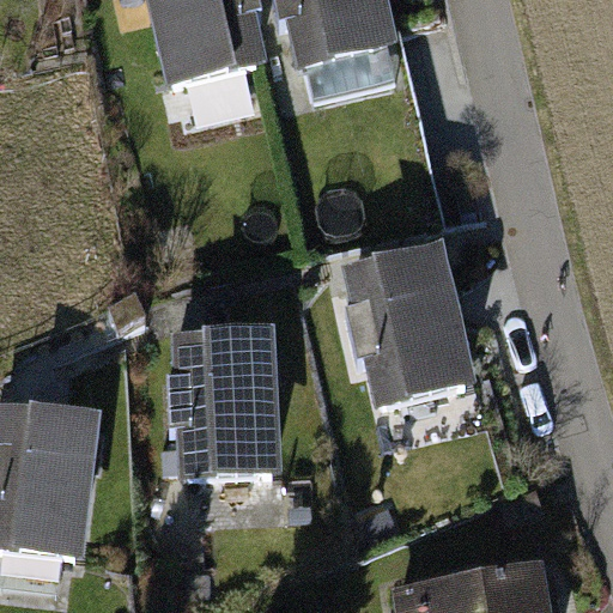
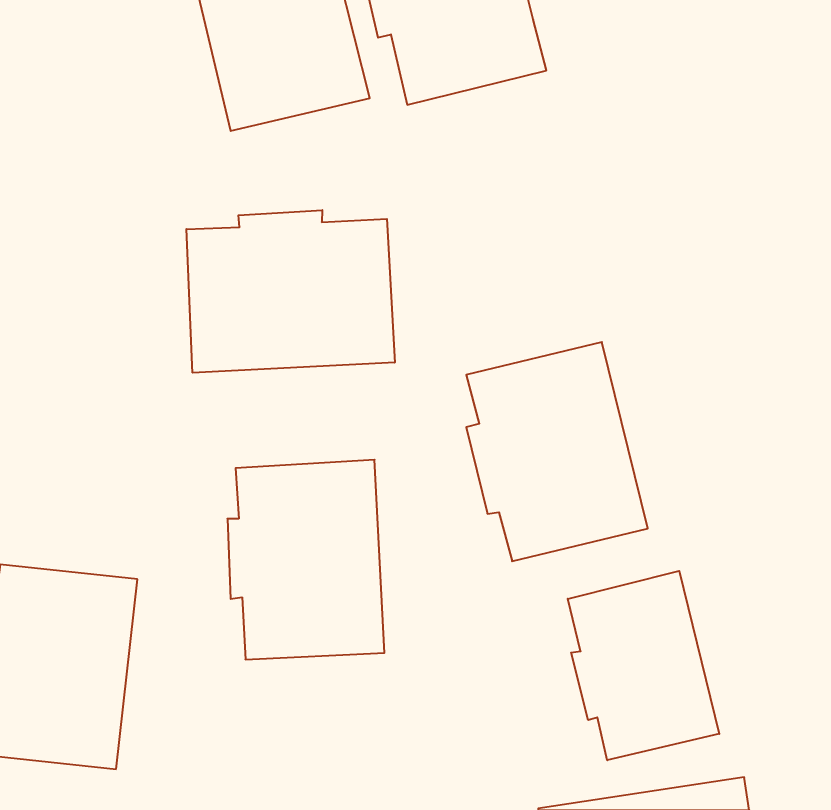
building: none -> [186,210,395,373]
building: none -> [568,571,719,760]

